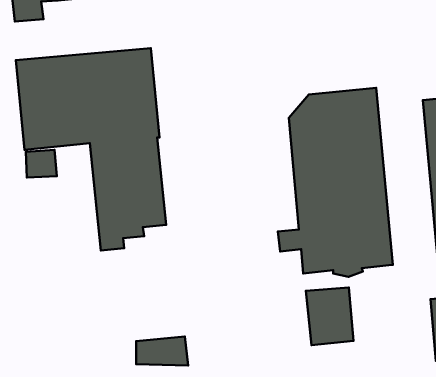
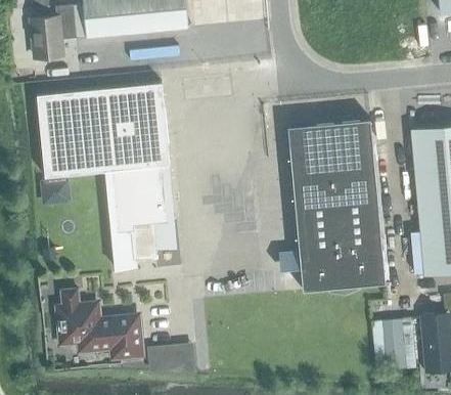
building: none -> [56,288,140,356]
building: [306,288,353,345] -> [372,318,416,371]

